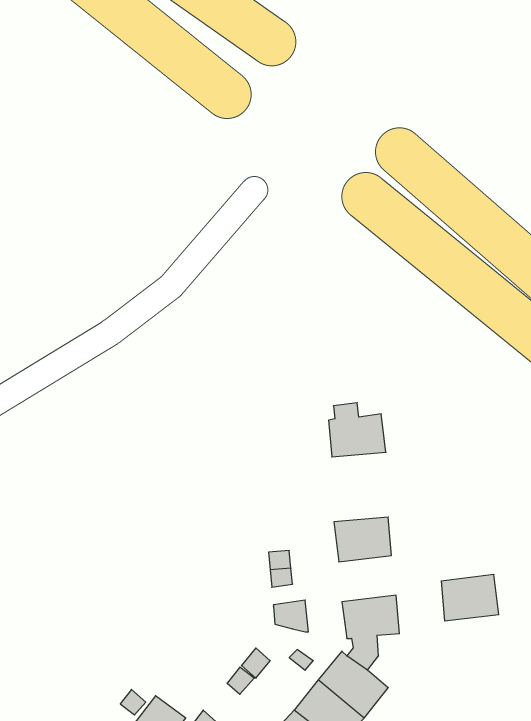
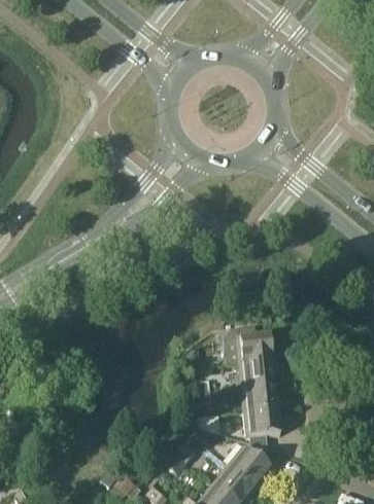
building: [329,403,386,457] -> [235,328,272,363]
building: [441,575,499,621] -> [240,385,277,415]

